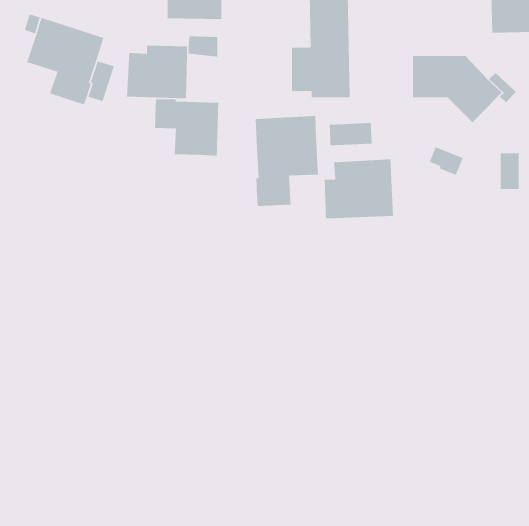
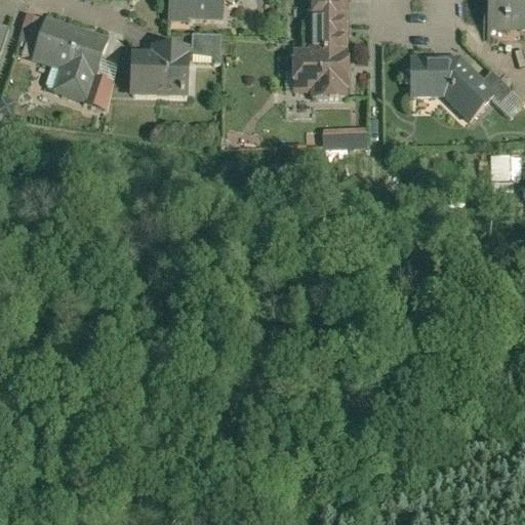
building: [154,98,219,156] -> none
building: [255,115,319,207] -> none
building: [429,146,464,176] -> none
building: [324,158,394,219] -> none

